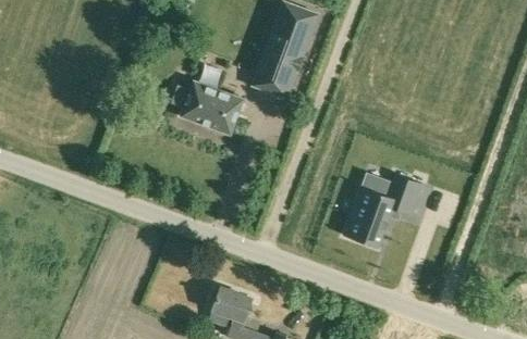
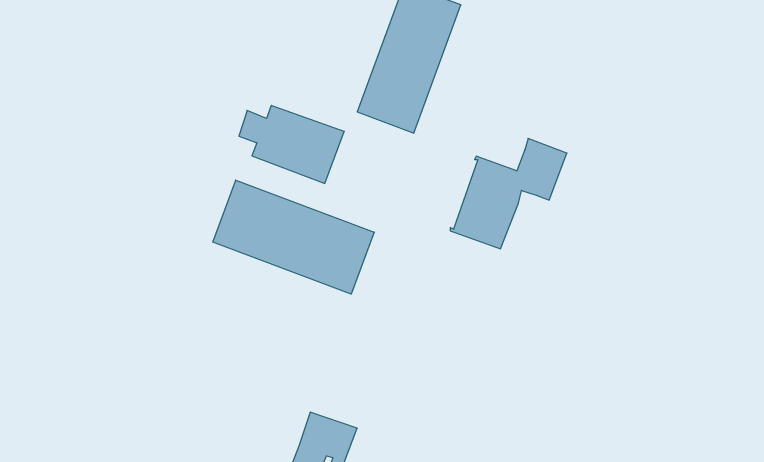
building: none -> [213,180,374,294]
building: [343,174,421,248] -> [450,138,567,249]

